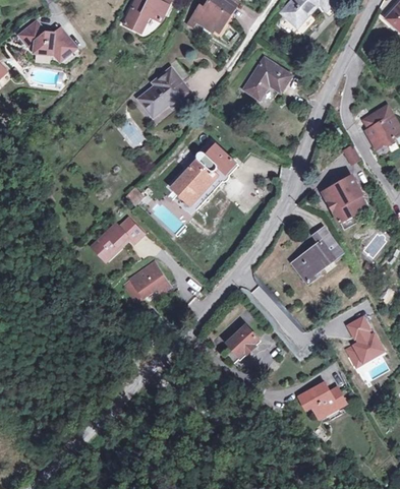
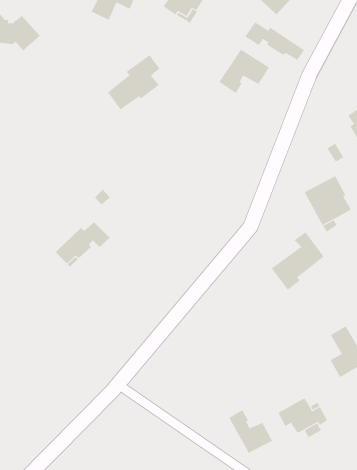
building: none -> [245,22,305,61]
building: [172,144,236,204] -> none
building: [125,262,170,301] -> none
building: [226,325,258,363] -> none
building: none -> [228,409,273,454]

